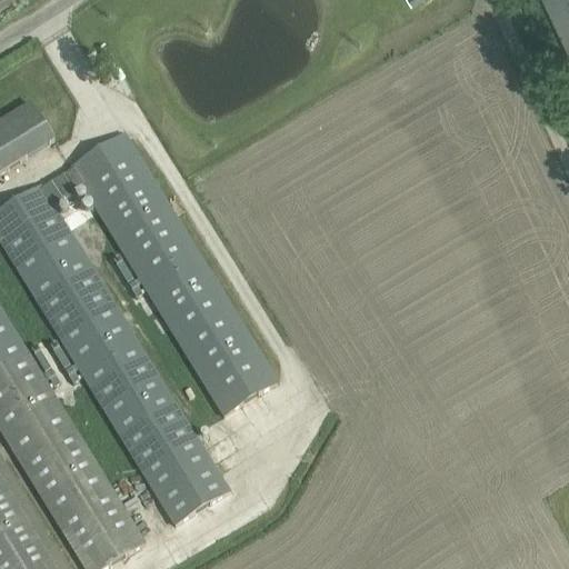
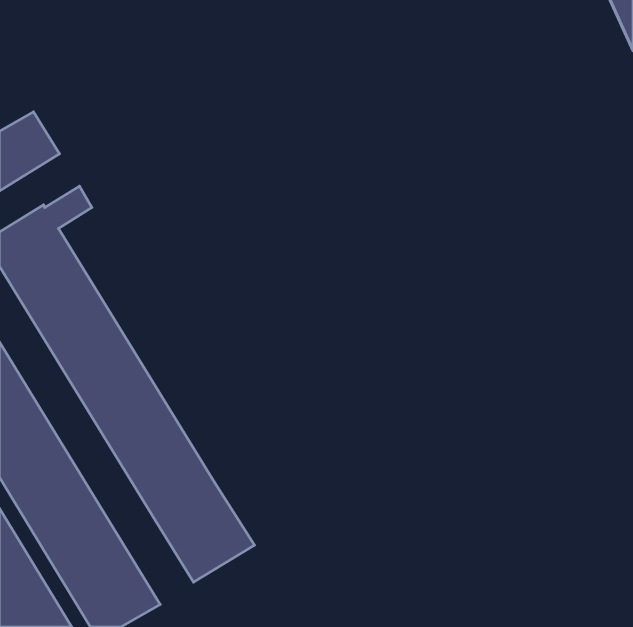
building: [70,132,277,413] -> none

